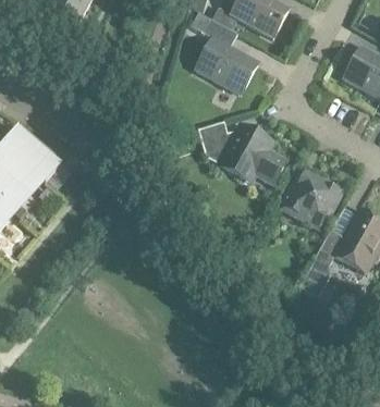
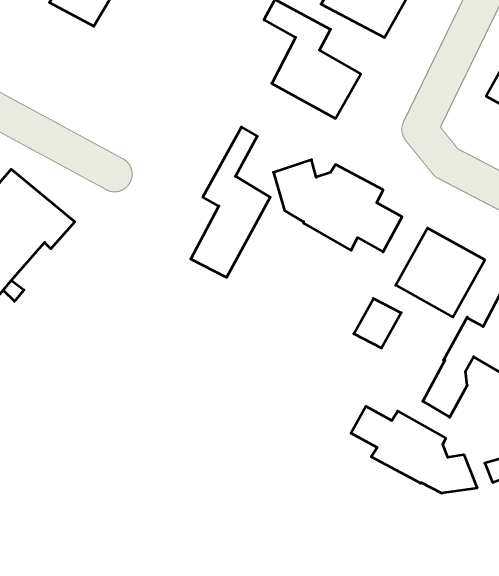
building: none -> [191,127,270,277]
building: none -> [354,298,401,348]
building: none -> [351,406,477,493]

